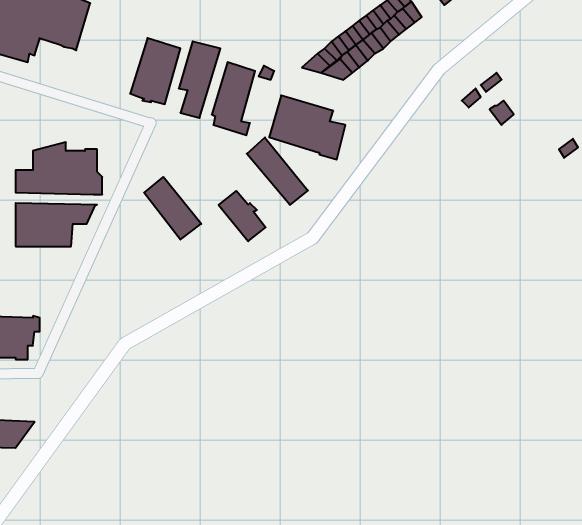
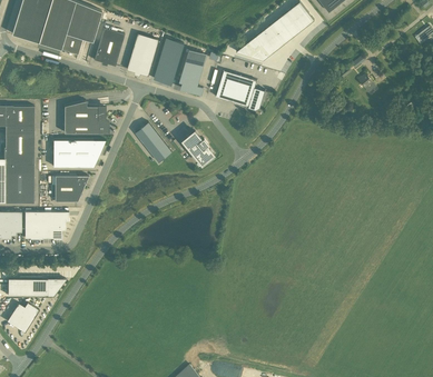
building: none -> [92,28,124,66]
building: [247,137,308,205] -> none
building: none -> [51,176,88,201]

